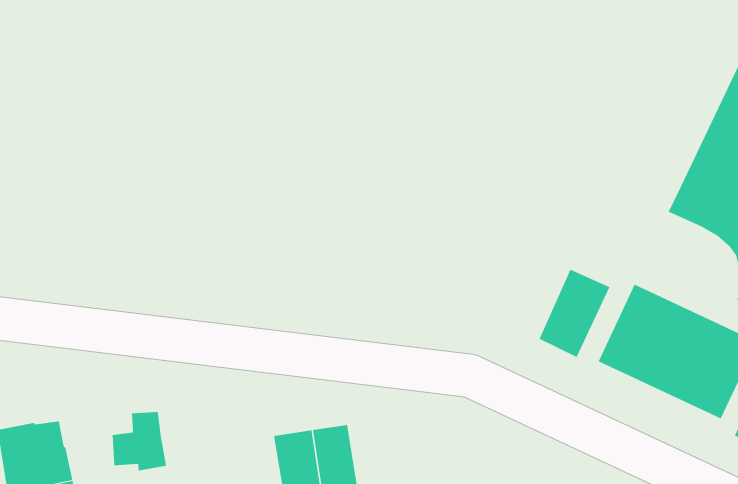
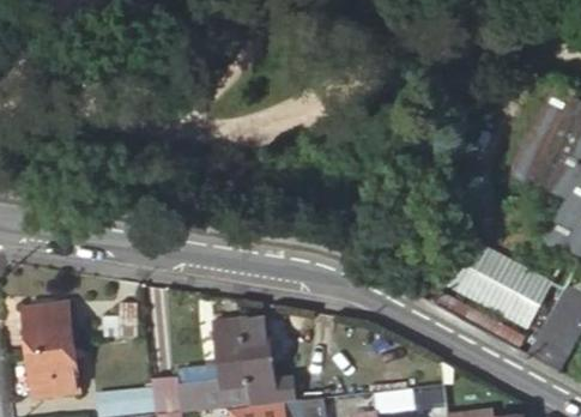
building: [539,269,610,358] -> none

